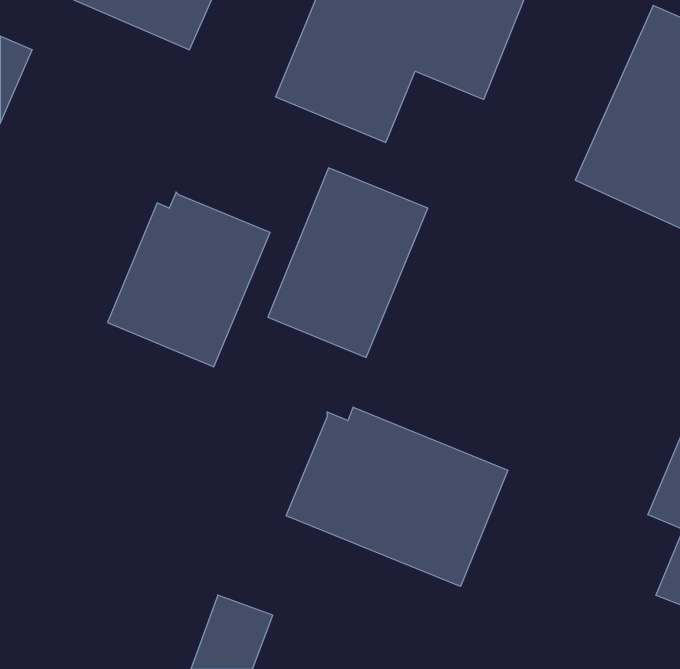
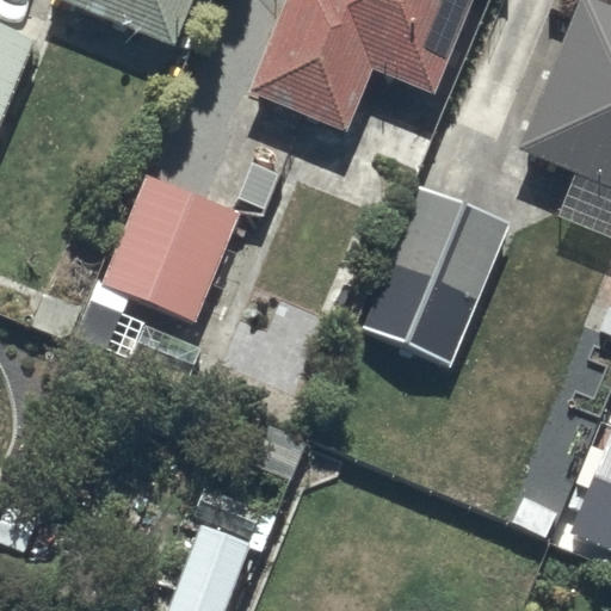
building: [268,168,428,357] -> [362,196,504,364]
building: [286,407,508,586] -> none

